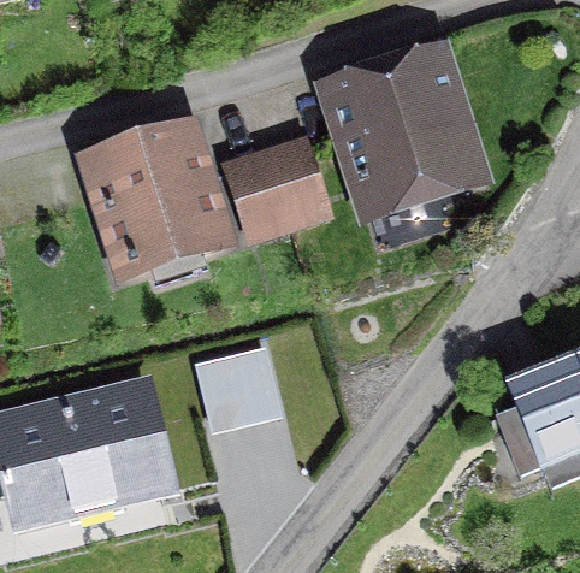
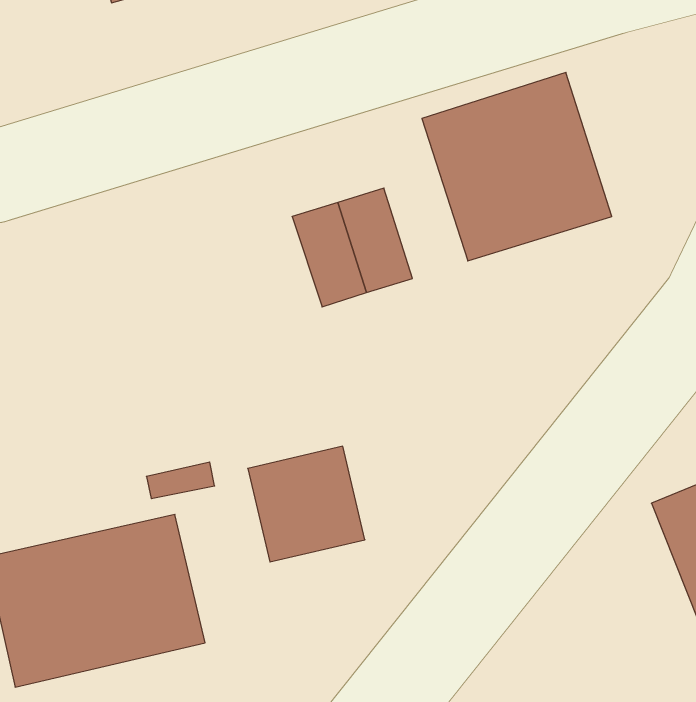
building: [85,132,219,271] -> none

